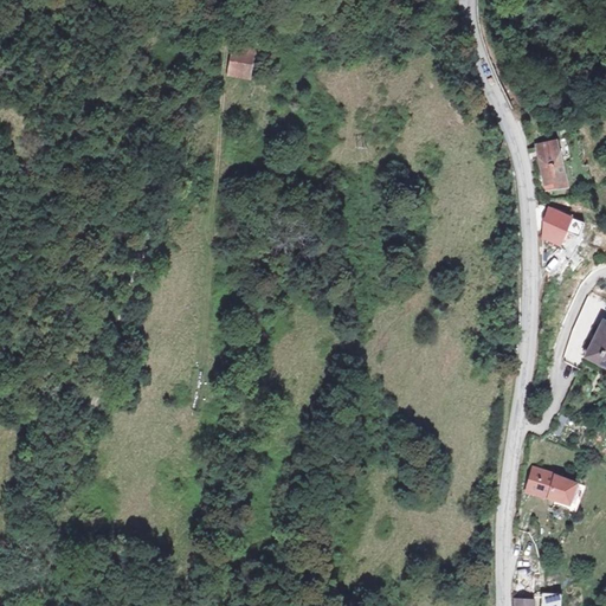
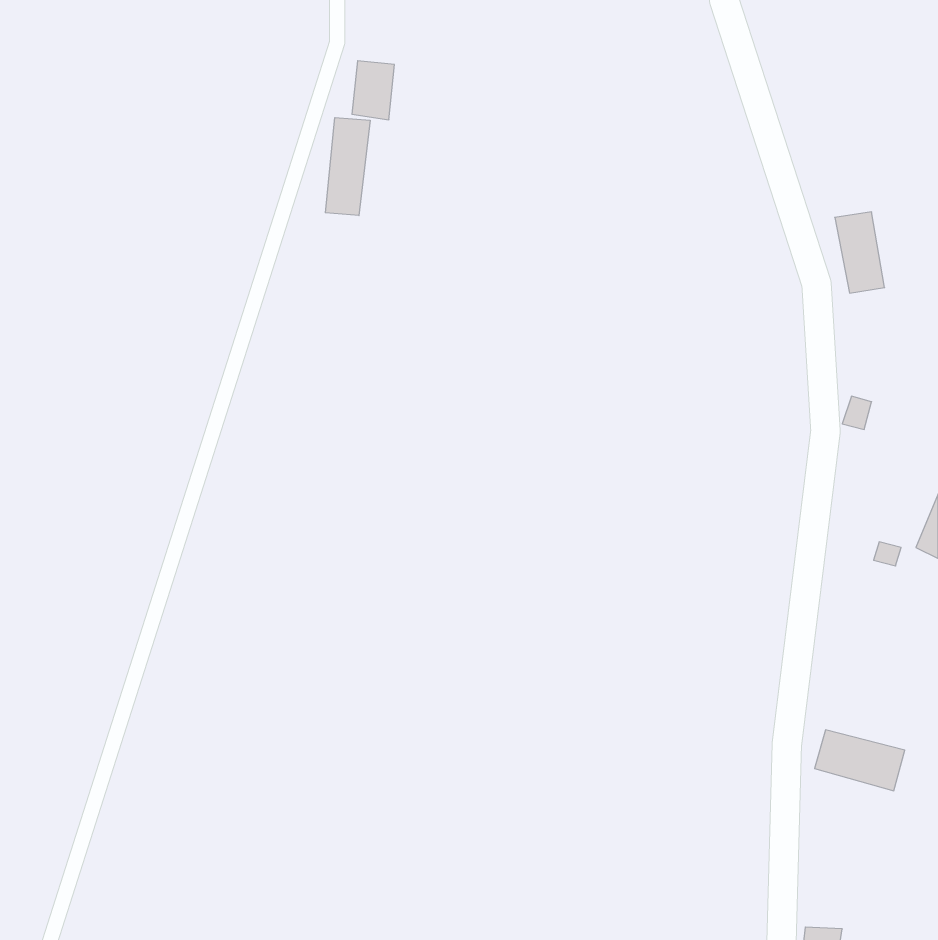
building: none -> [325,118,370,216]
building: [540,206,574,245] -> none

